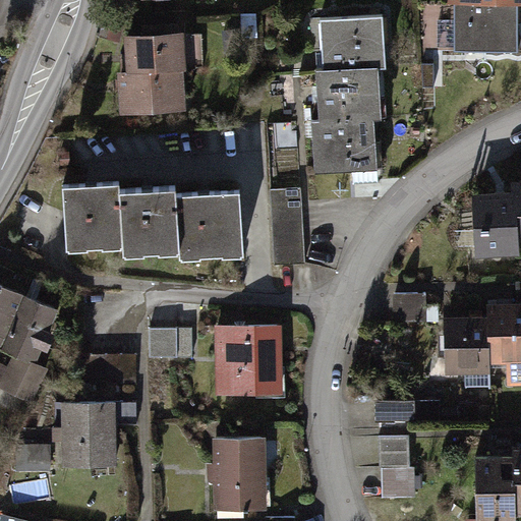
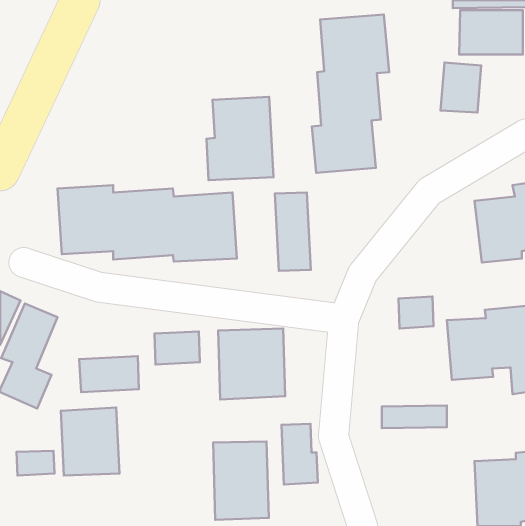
building: [117,33,183,115] -> [206,97,273,180]
building: none -> [441,63,481,113]
building: [382,440,417,500] -> [282,424,318,485]

